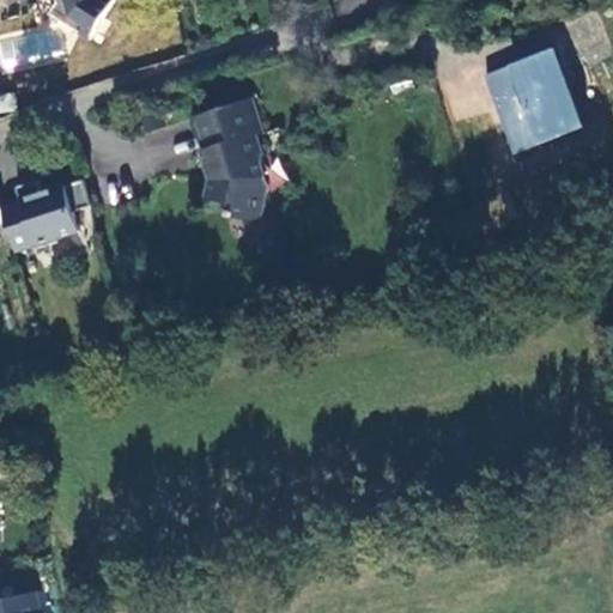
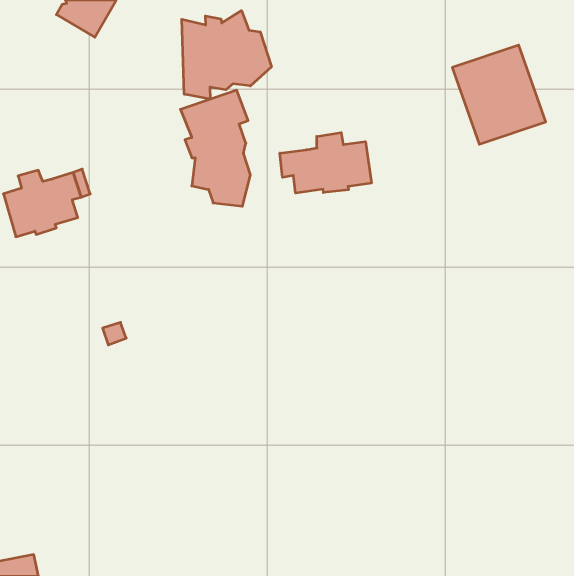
building: none -> [182,11,271,99]
building: none -> [280,133,371,193]

